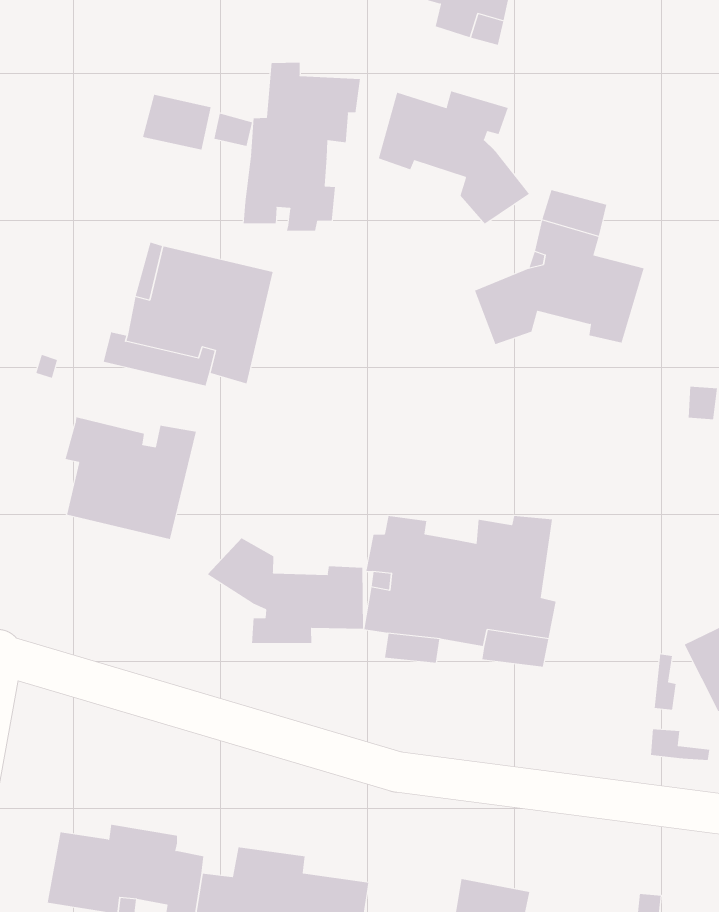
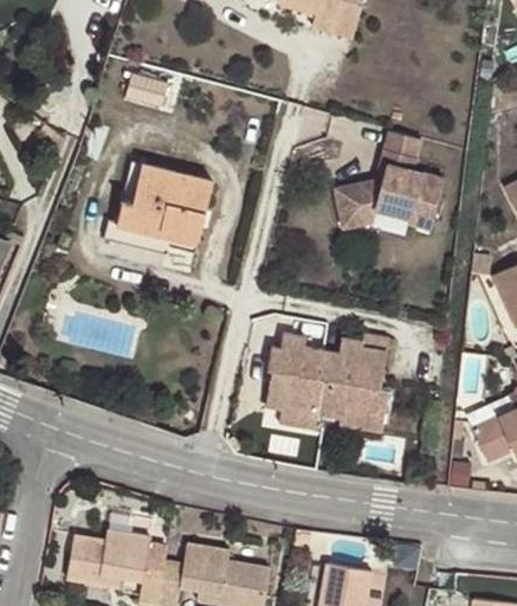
building: [243,62,360,231] -> none
building: [378,91,530,224] -> none
building: [65,416,196,540] -> none
building: [207,537,363,644] -> none

